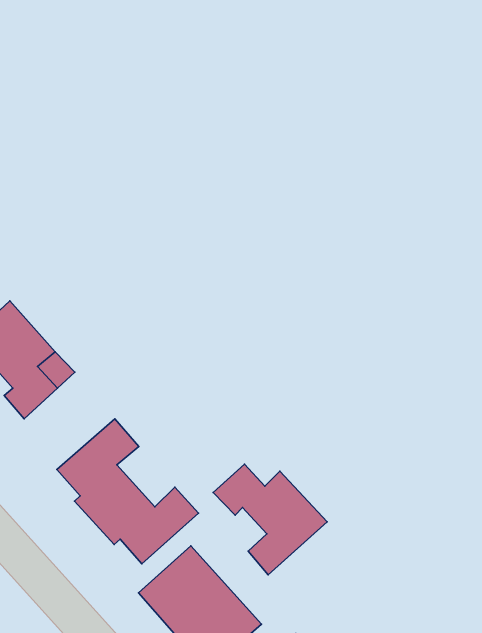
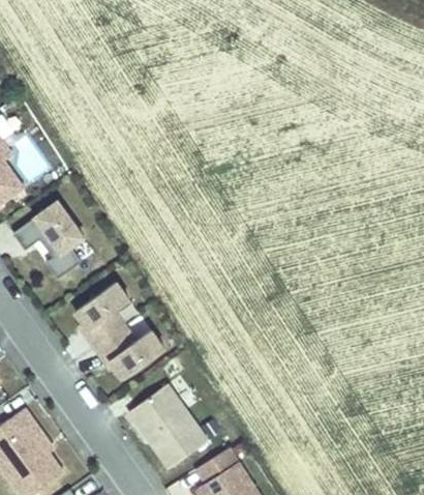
building: [213,464,327,575] -> none

